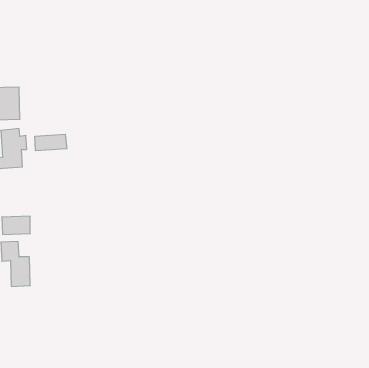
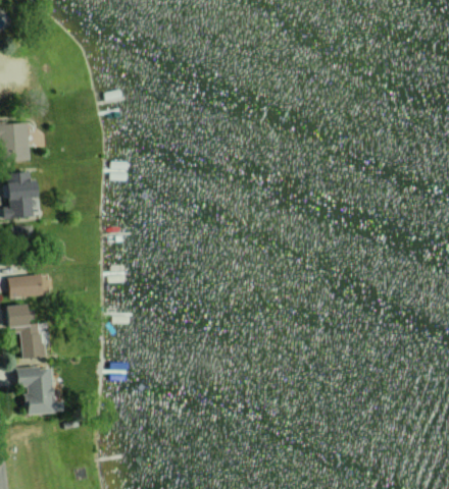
building: [35,134,67,151] -> none
building: none -> [17,367,54,413]

